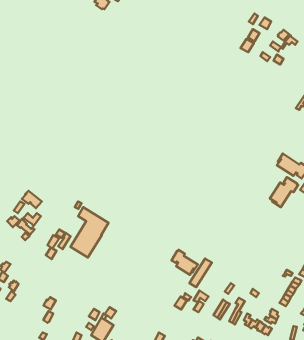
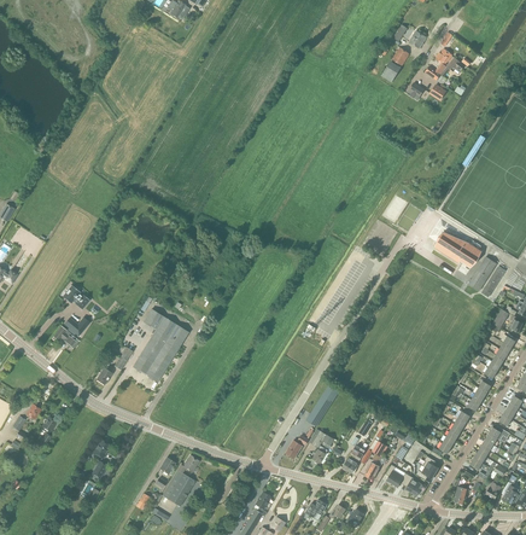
building: [270,177,298,207] -> none
building: [172,250,198,275] -> none

